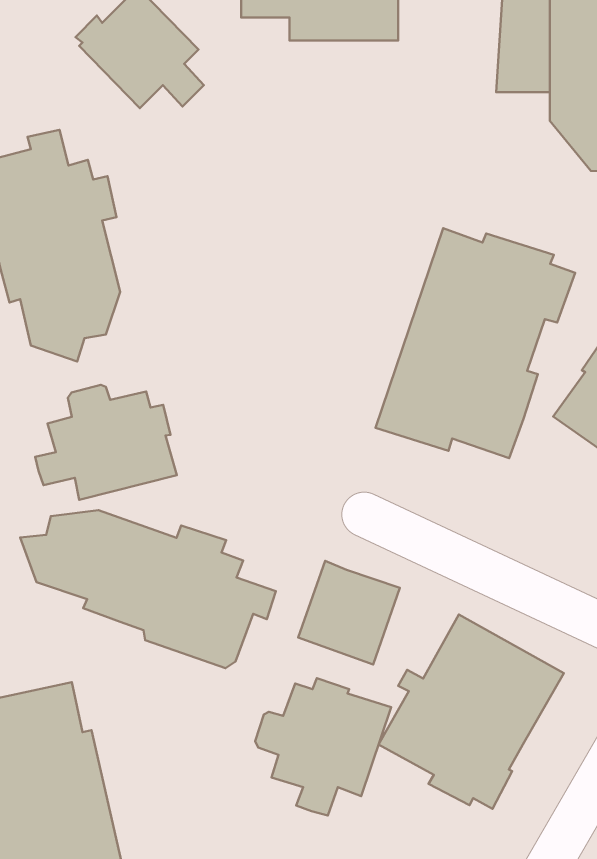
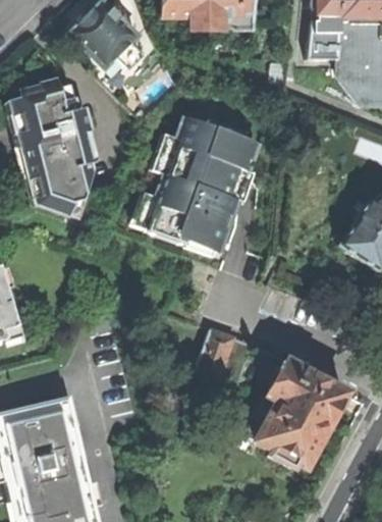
building: [375,228,575,458] -> [147,117,261,249]
building: [35,385,177,500] -> none
building: [20,510,276,668] -> none
building: [255,678,391,815] -> none

